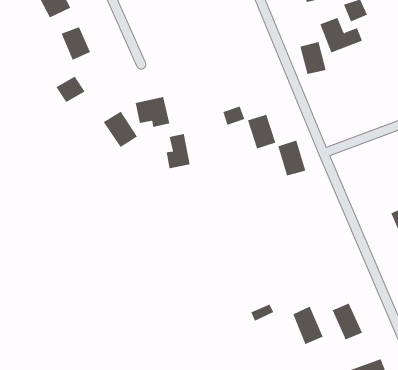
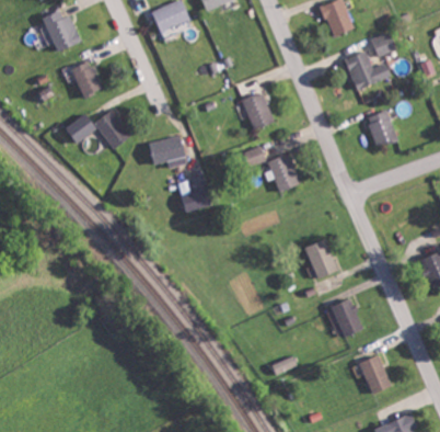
building: [300,41,326,74] -> [367,110,395,145]
building: none -> [242,91,273,128]
building: [103,111,138,148] -> [93,109,130,148]
building: [277,140,306,176] -> [305,239,336,277]
building: [293,306,323,345] -> [331,296,363,338]

